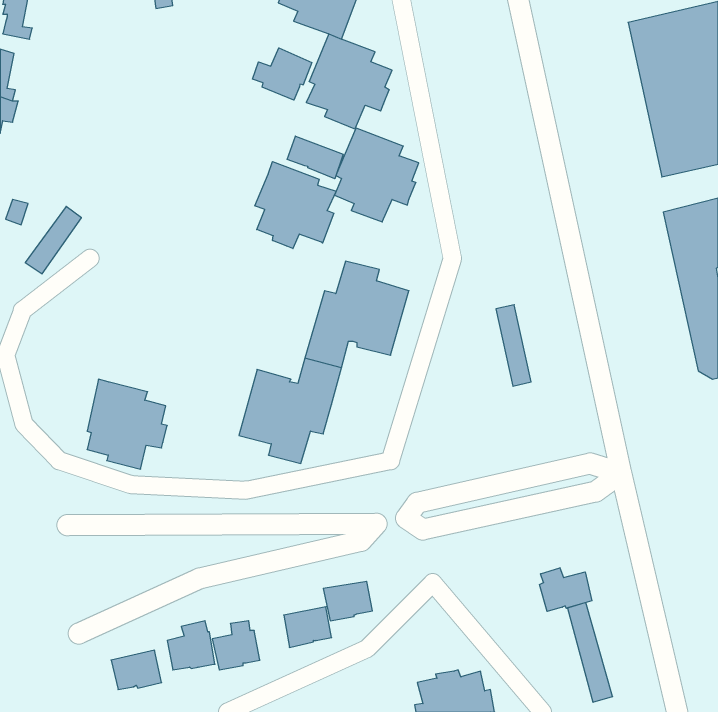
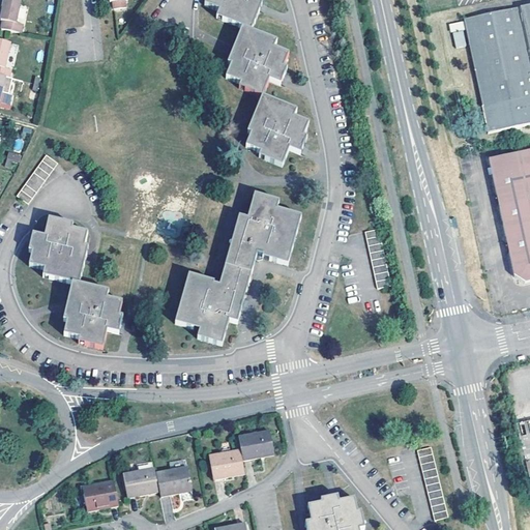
building: [252,48,312,100] -> none
building: [287,136,343,179] -> none
building: [255,162,336,249] -> none
building: none -> [29,215,88,282]
building: [539,568,592,611] -> none

